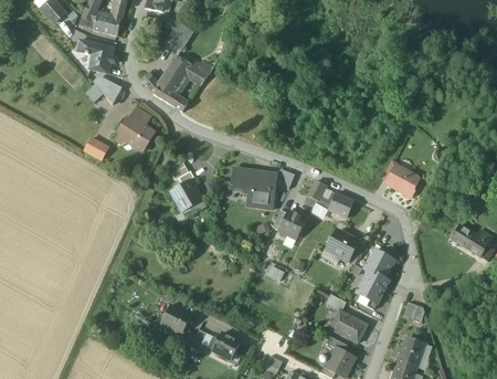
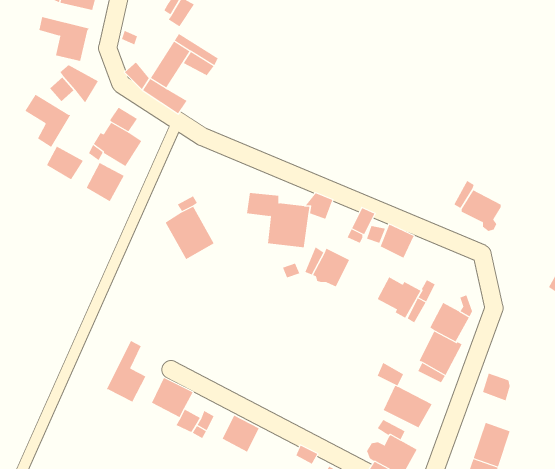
building: none -> [25,94,71,148]
building: none -> [86,162,125,202]
building: none -> [106,340,146,403]

